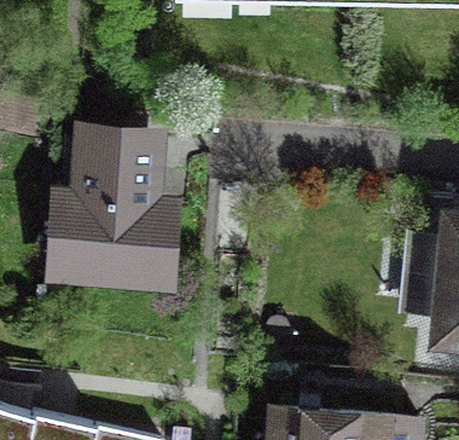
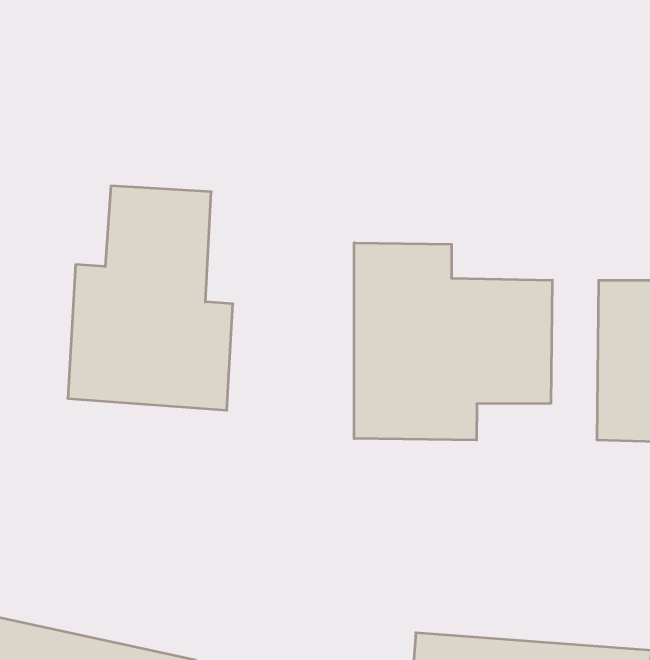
building: none -> [354,243,552,440]

